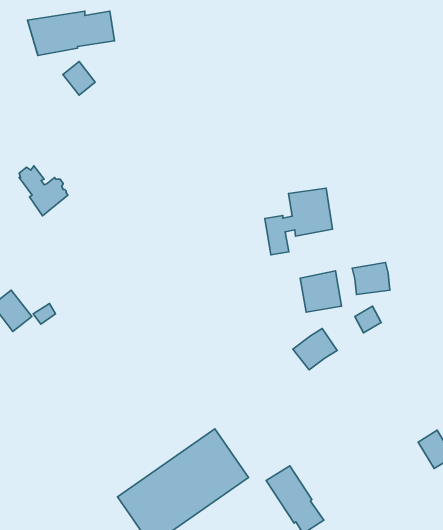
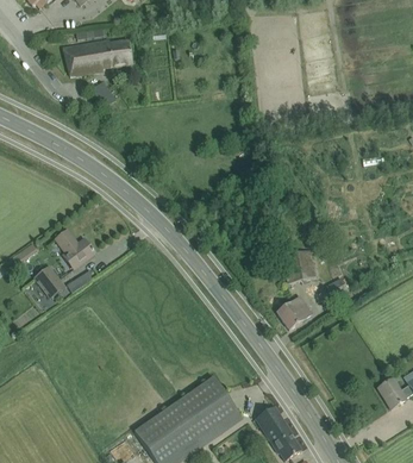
building: [19,166,68,216] -> [55,229,94,269]
building: [265,188,332,255] -> none
building: [352,262,390,294] -> none

